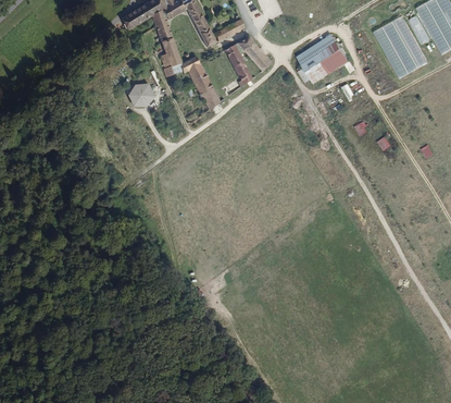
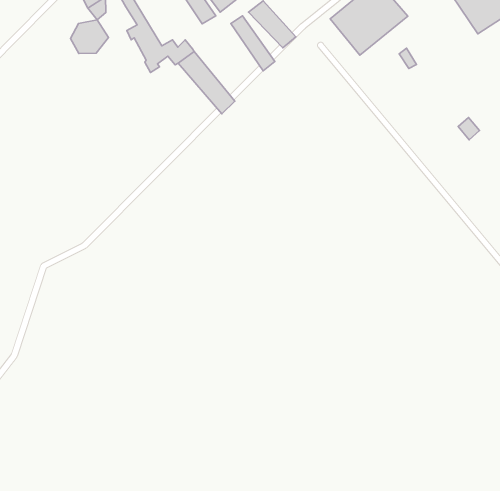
building: [128,83,154,106] -> [71,20,109,54]

